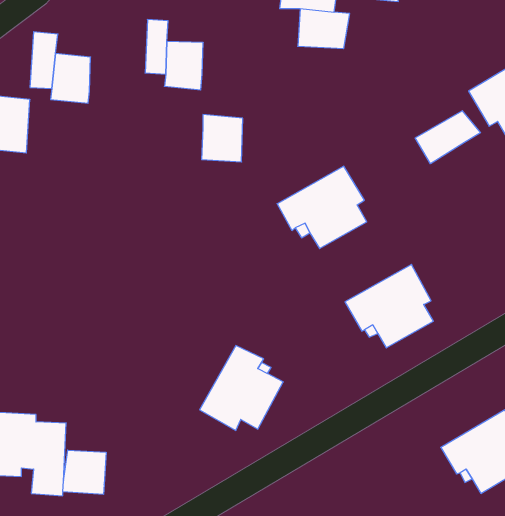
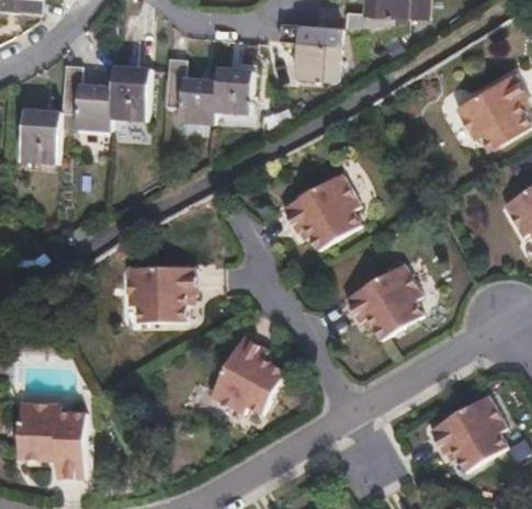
building: none -> [110,59,149,112]
building: [415,111,480,164] -> none
building: [202,115,243,162] -> [212,53,249,95]
building: none -> [125,265,195,321]
building: [63,450,106,494] -> none

